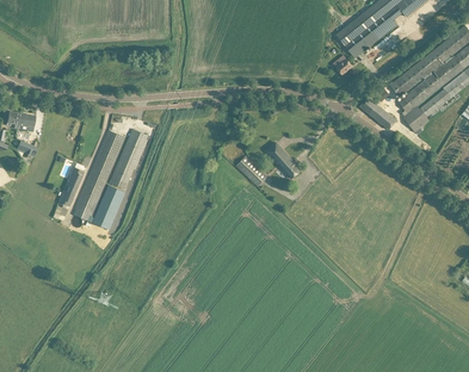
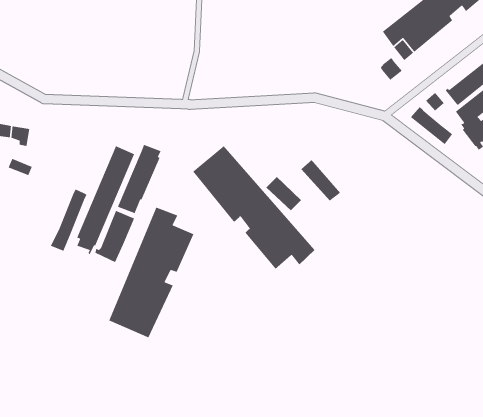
building: none -> [192,145,315,270]
building: none -> [108,206,195,339]

